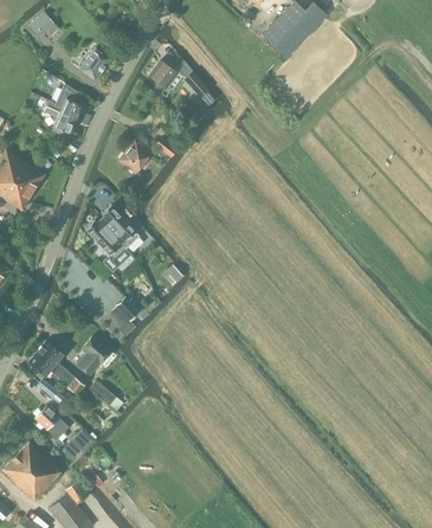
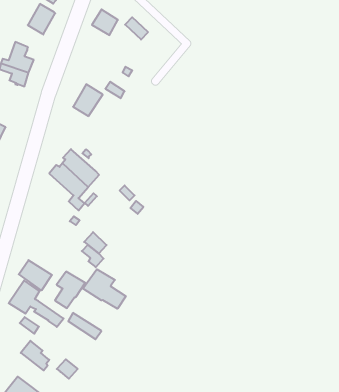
building: none -> [19,260,52,290]
building: none -> [83,269,126,309]

